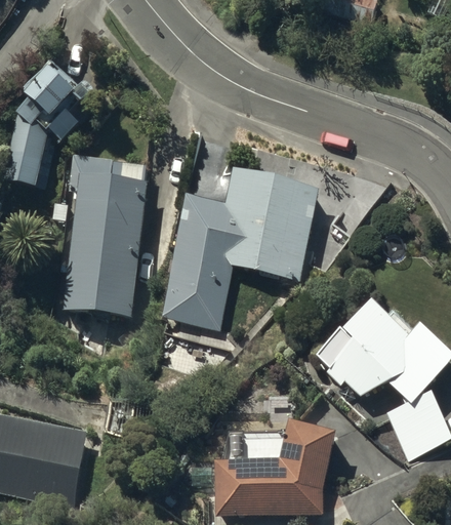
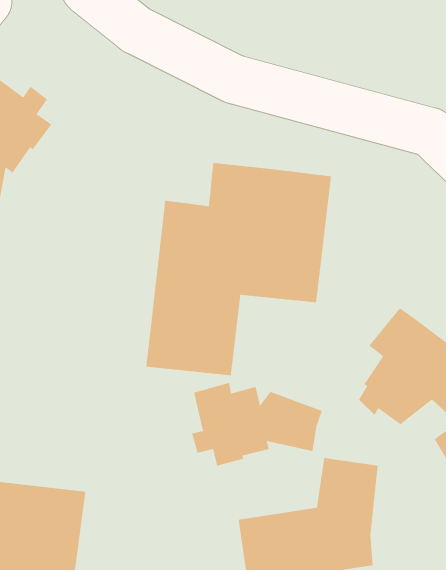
building: [63,156,149,318] -> none
building: none -> [192,382,322,467]

